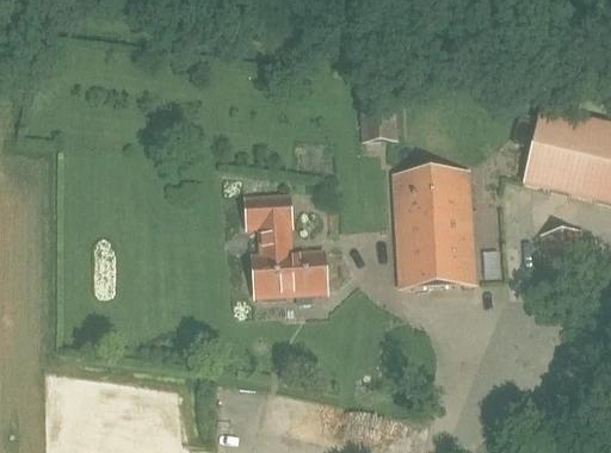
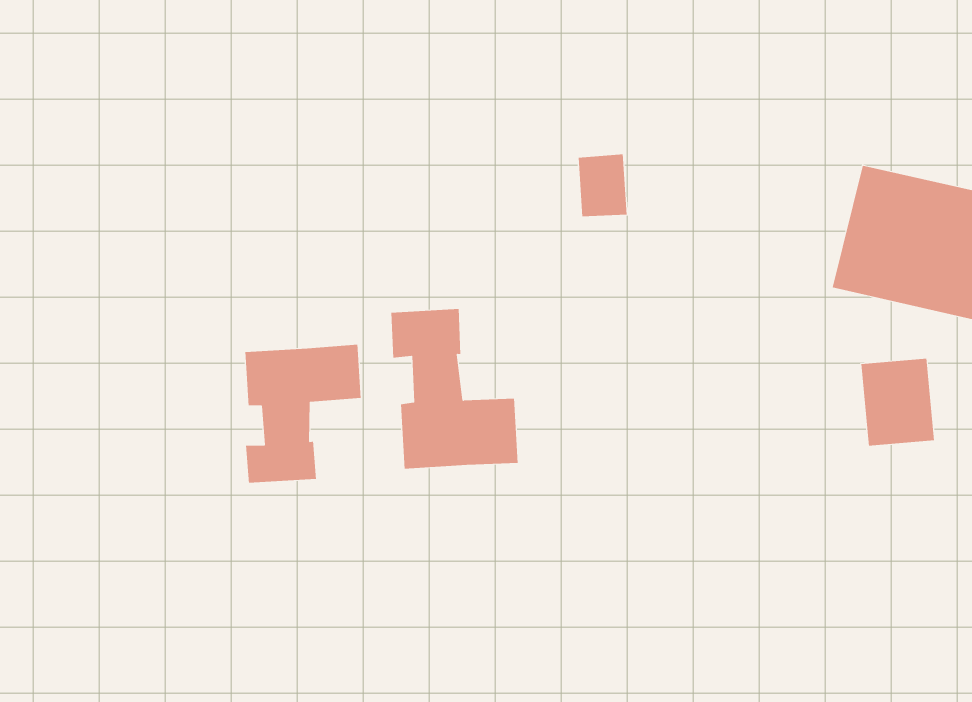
building: [393,168,473,287] -> none
building: none -> [245,344,361,484]

